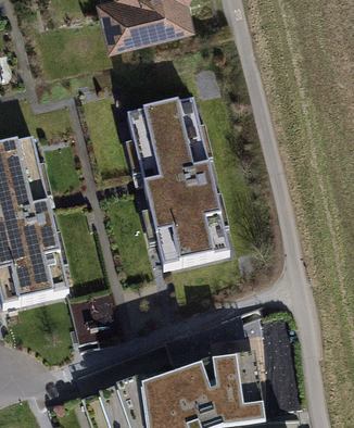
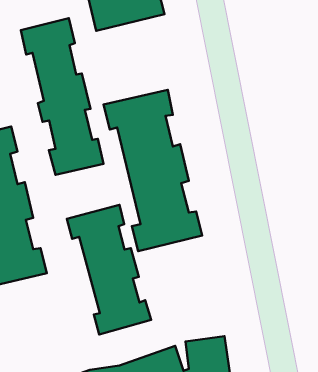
building: none -> [21,18,104,175]
building: none -> [67,205,151,335]

